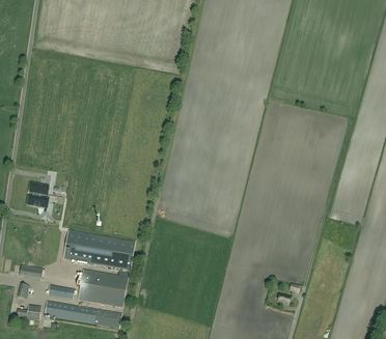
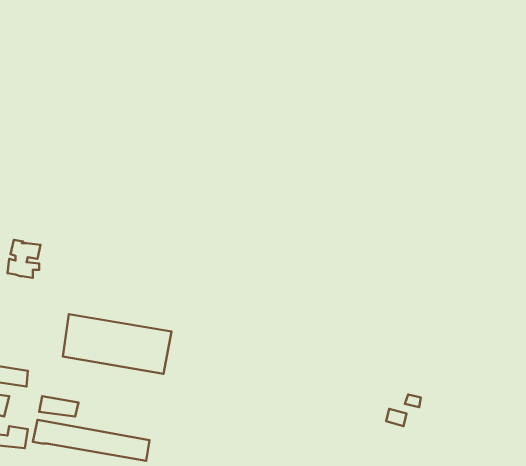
building: [77,270,128,308] -> none

